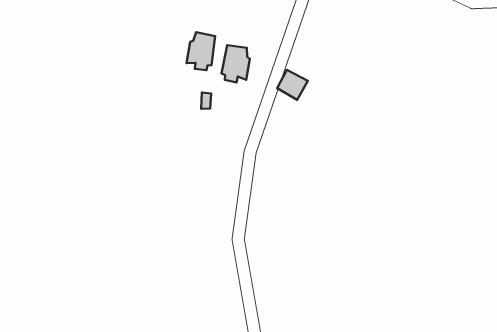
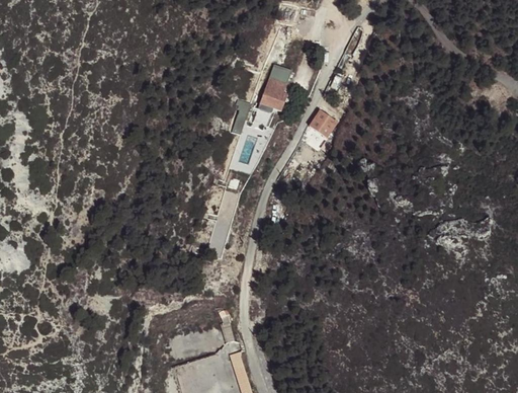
building: [187,32,215,70] -> none

